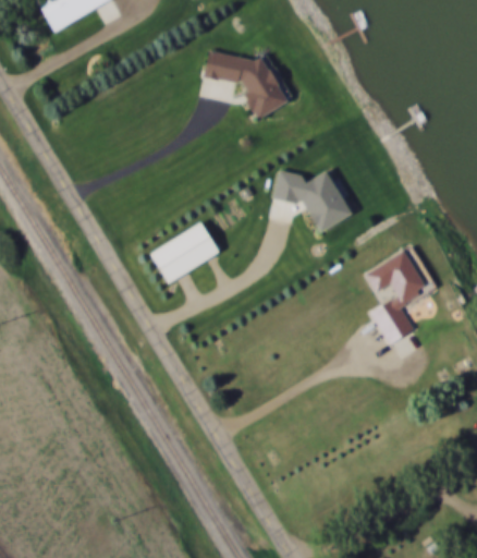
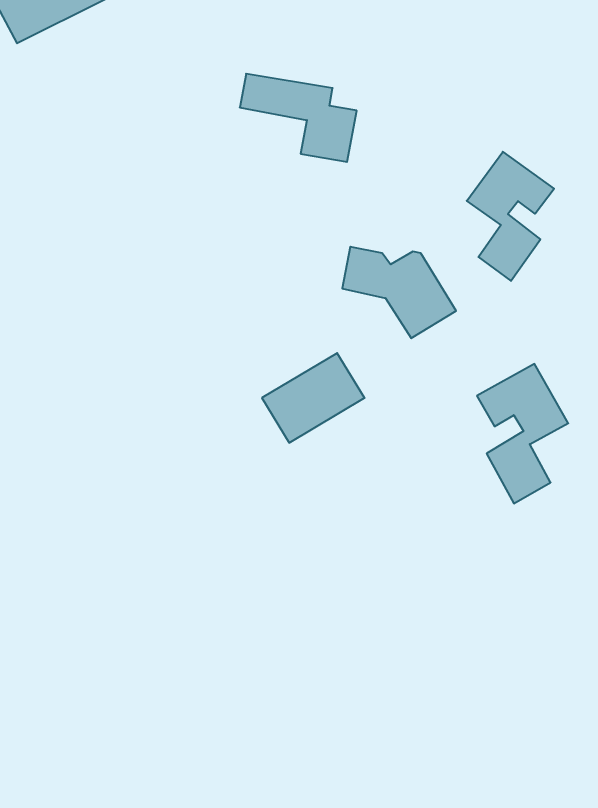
building: none -> [467,152,554,281]
building: [150,222,220,283] -> [262,353,365,443]

